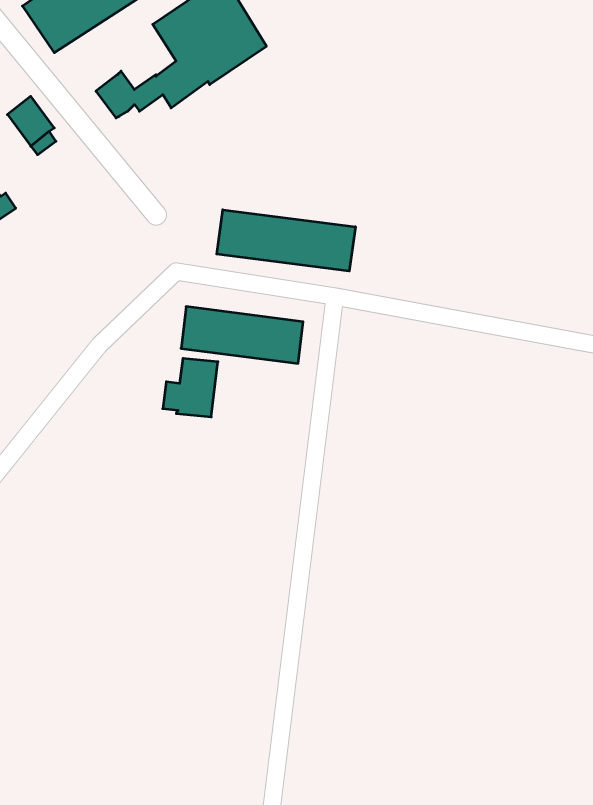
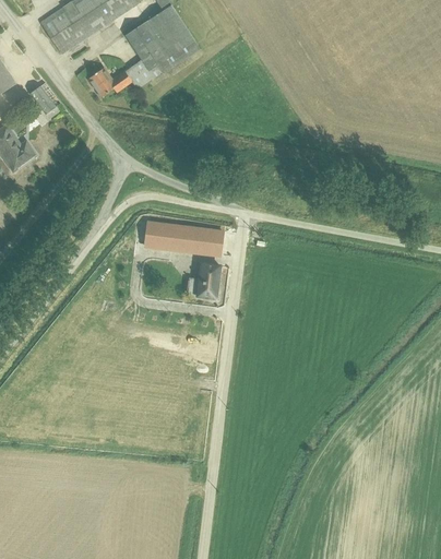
building: [217,210,355,271] -> none
building: [163,358,218,417] -> [187,261,223,299]

